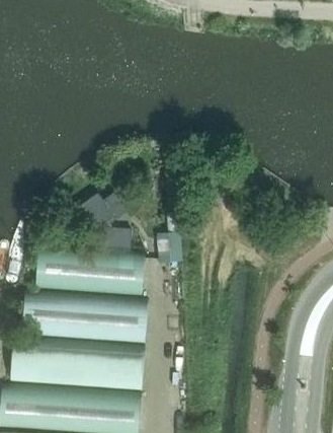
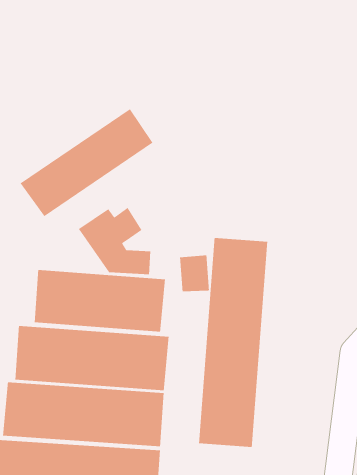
building: none -> [20,108,154,217]
building: none -> [198,237,268,448]

